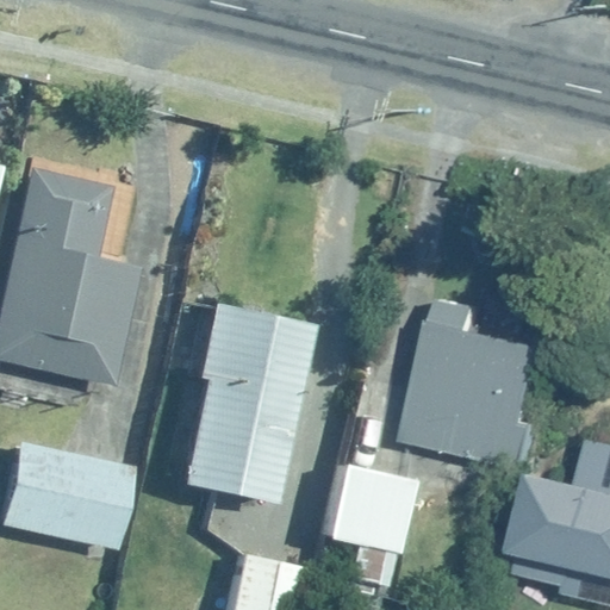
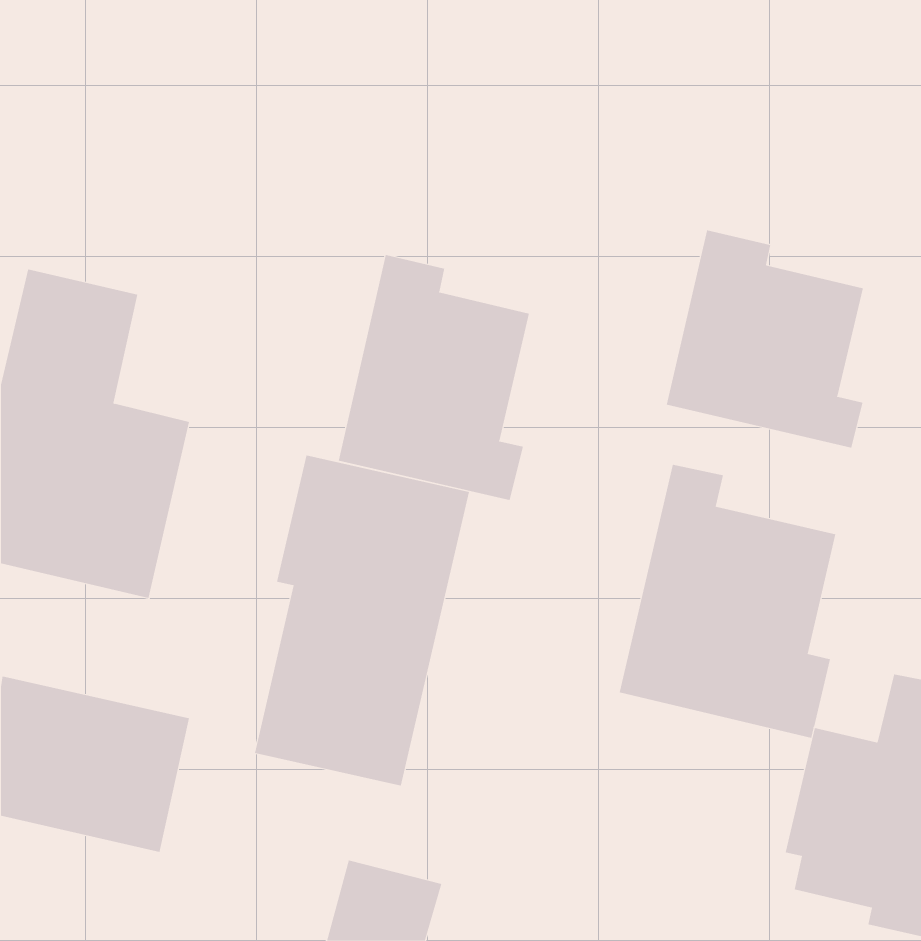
building: none -> [666,229,864,449]
building: none -> [338,254,530,501]
building: [323,462,417,593] -> none

